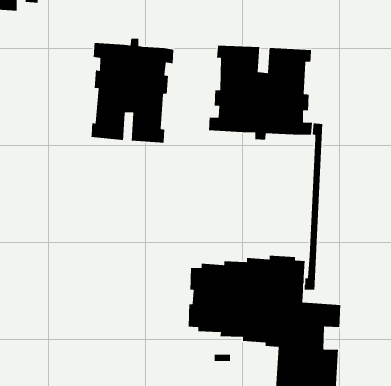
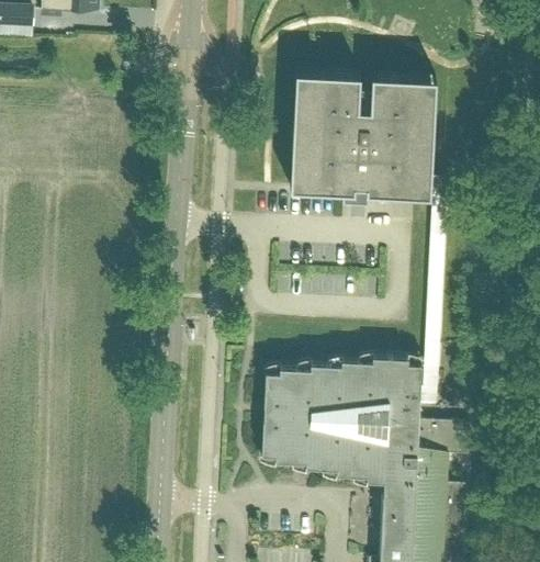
building: [90,38,174,143] -> none

